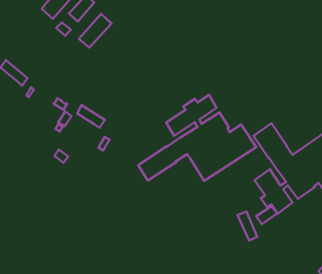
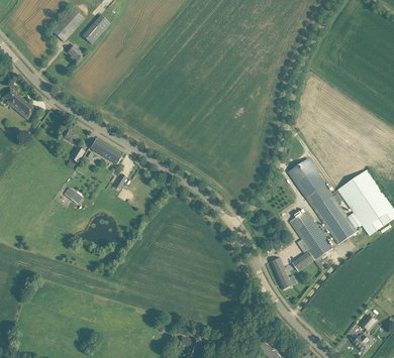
building: [79,14,111,48] -> none
building: [138,95,256,181] -> none

